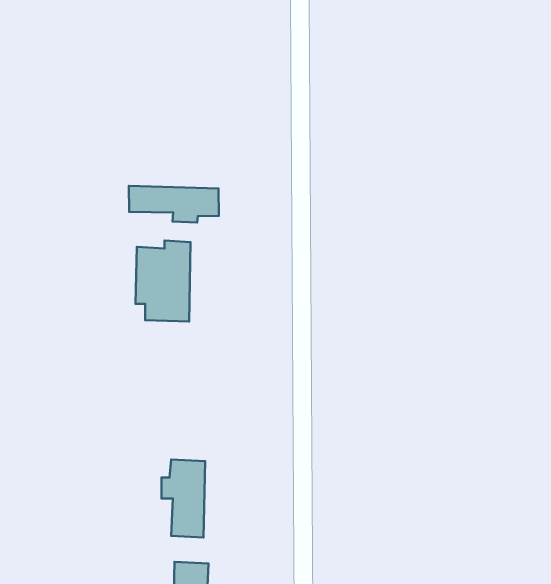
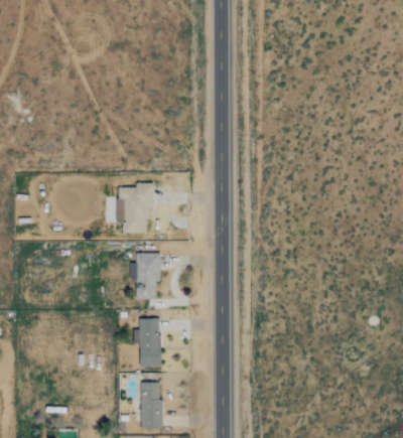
building: [129,186,219,223] -> none
building: none -> [130,253,160,298]

